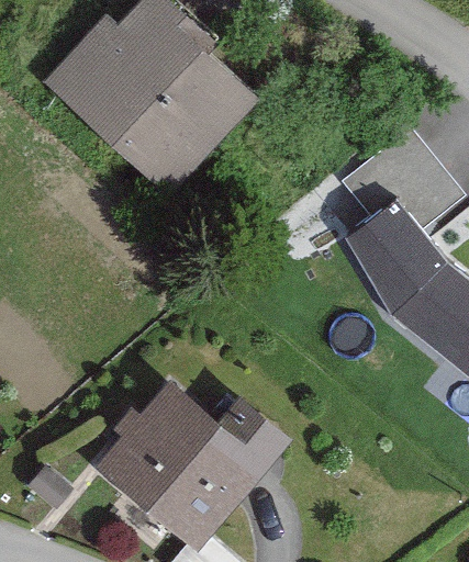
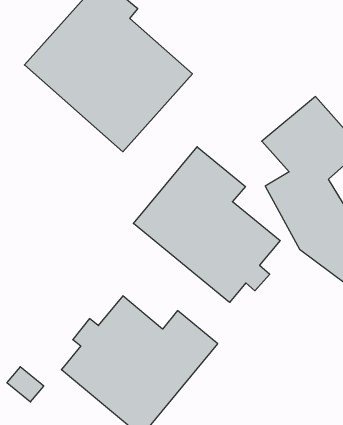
building: none -> [133,147,280,302]

